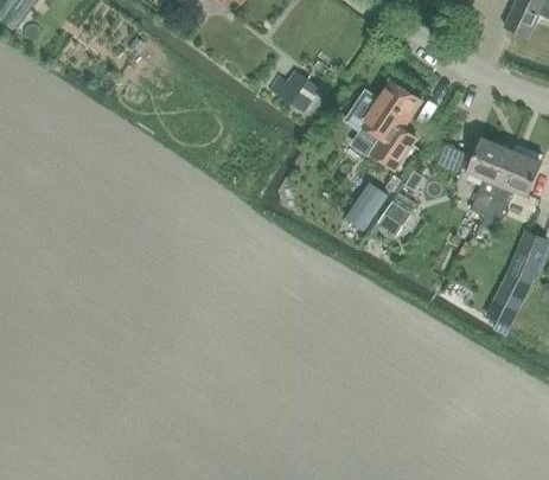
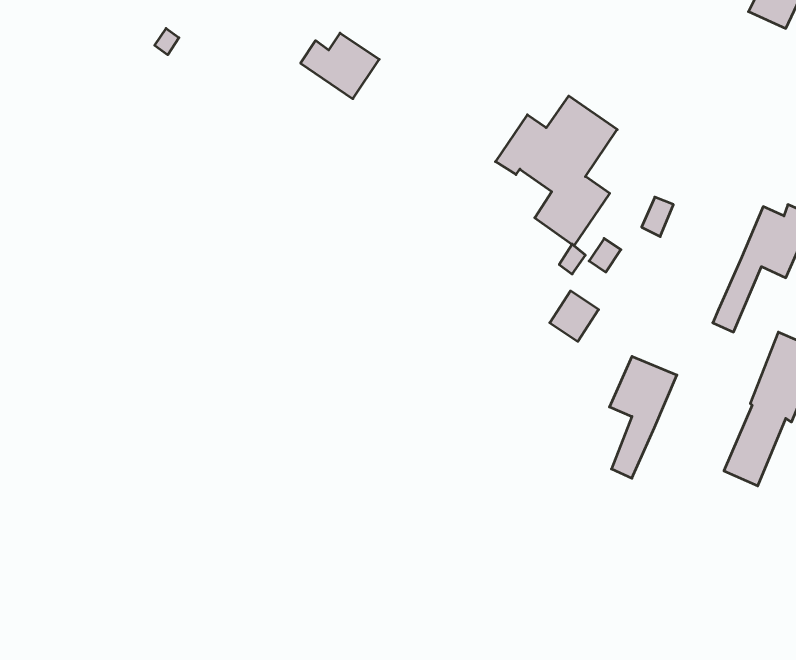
building: [269,71,319,113] -> [301,33,379,99]
building: [471,137,513,215] -> [609,356,677,478]
building: [345,181,388,230] -> none

